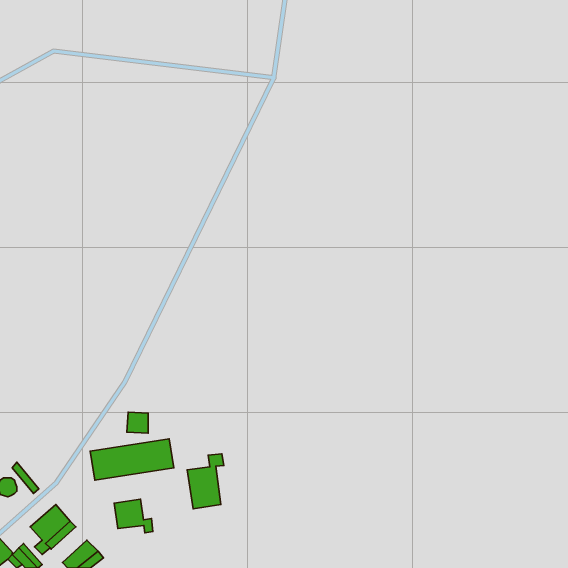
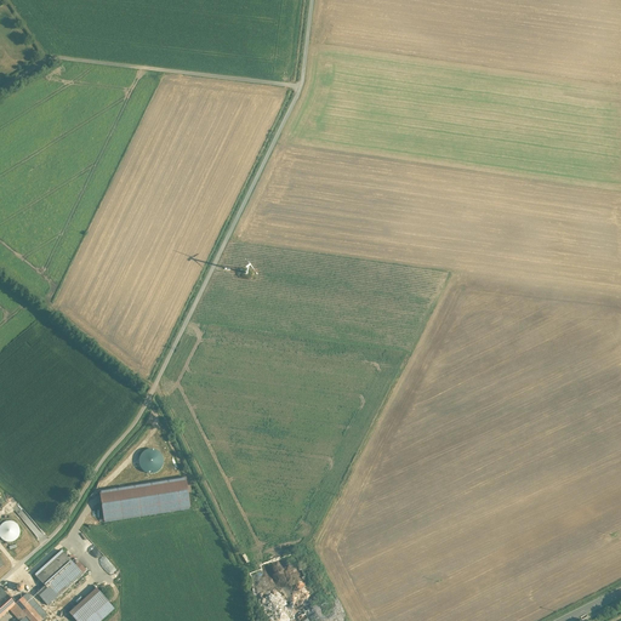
building: [187,454,224,509] -> none
building: [114,499,153,533] -> none

